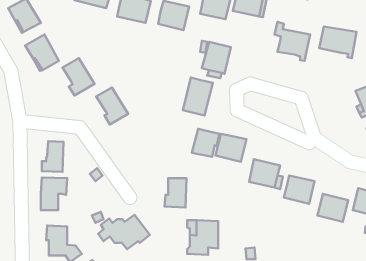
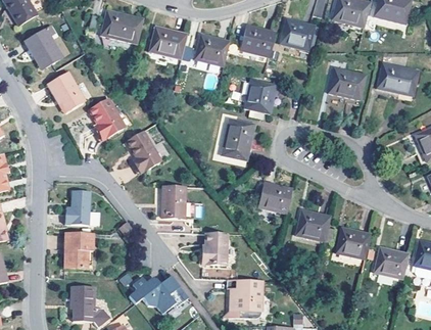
building: [192,129,220,157] -> none
building: none -> [159,186,185,219]

